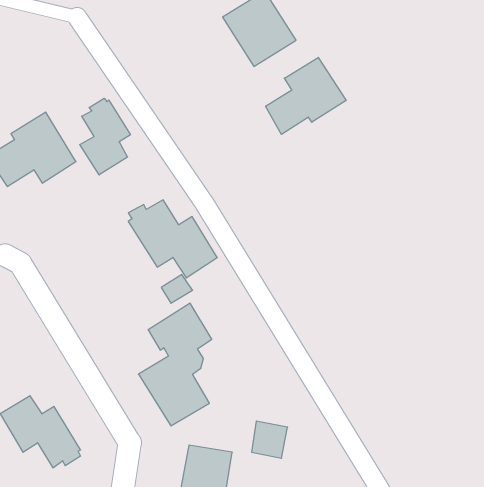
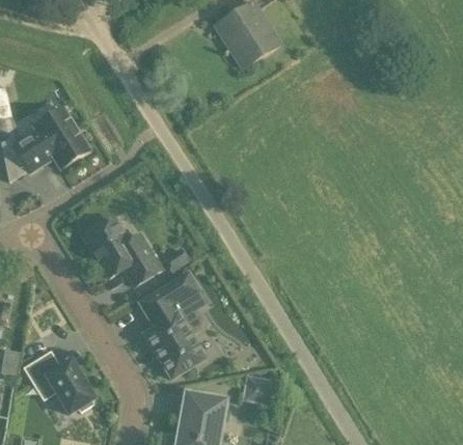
building: [266,57,346,134] -> none
building: [80,98,130,175] -> none
building: [128,200,217,278] -> [84,218,161,285]

